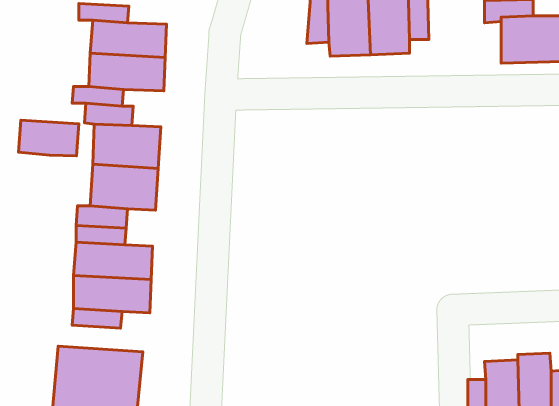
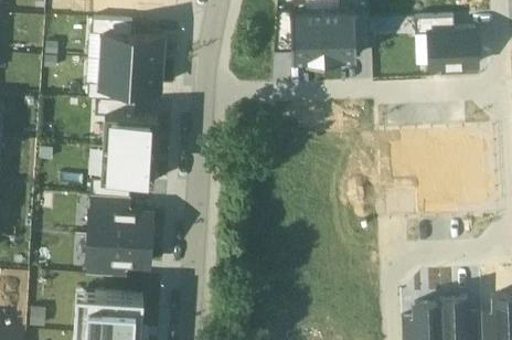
building: [19,120,79,156] -> none

